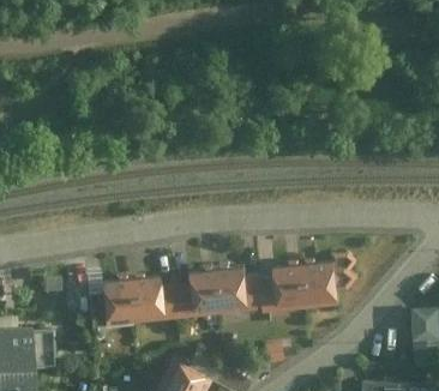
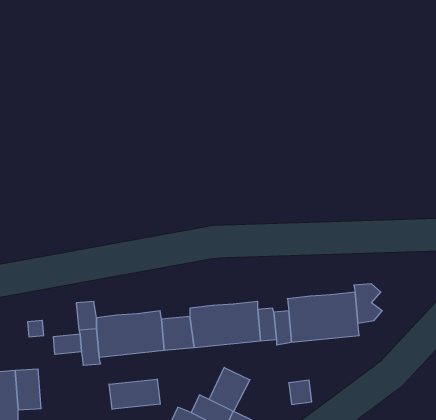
building: none -> [209,367,250,411]
building: none -> [109,379,160,409]

